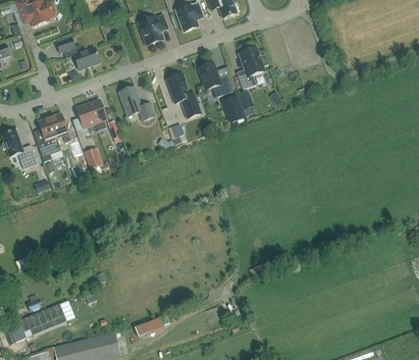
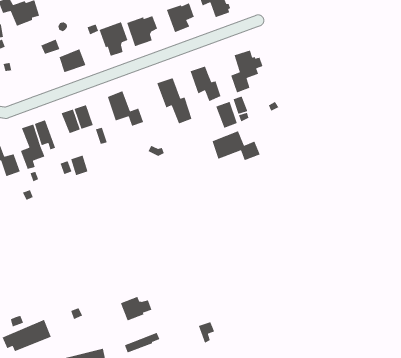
building: none -> [99,21,129,57]
building: none -> [211,130,261,161]
building: none -> [120,296,152,321]

